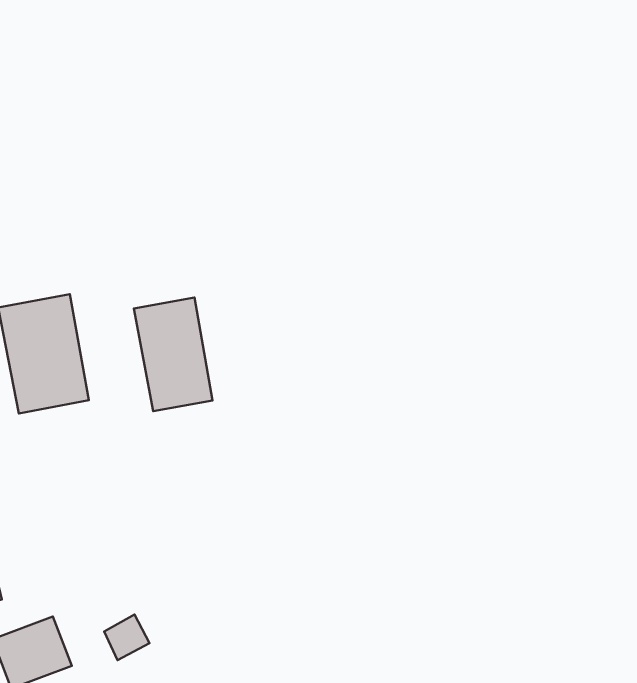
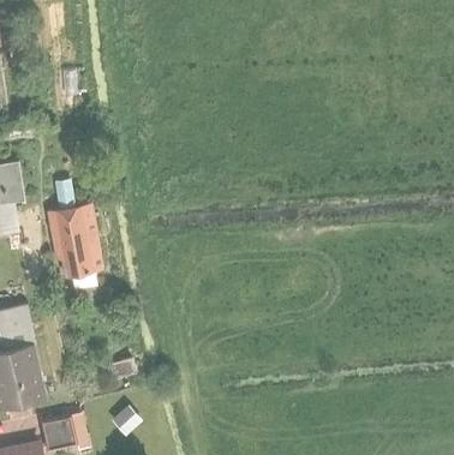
building: [134,297,212,411] -> none

